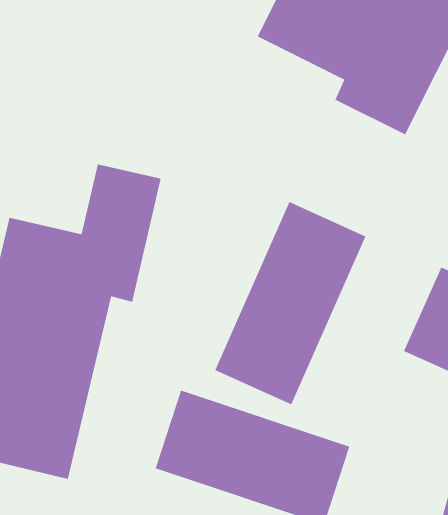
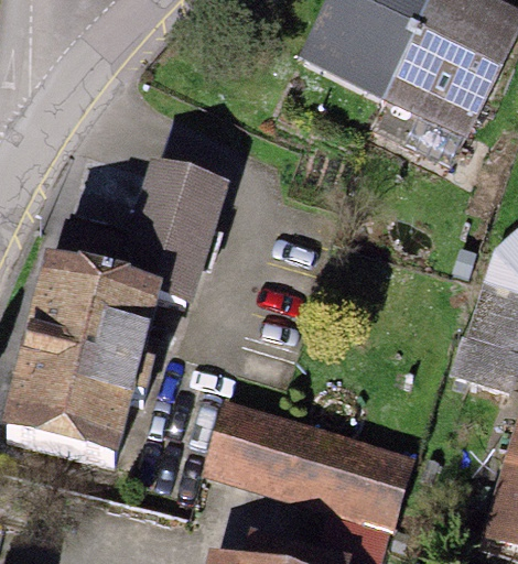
building: [215,201,366,405] -> none

